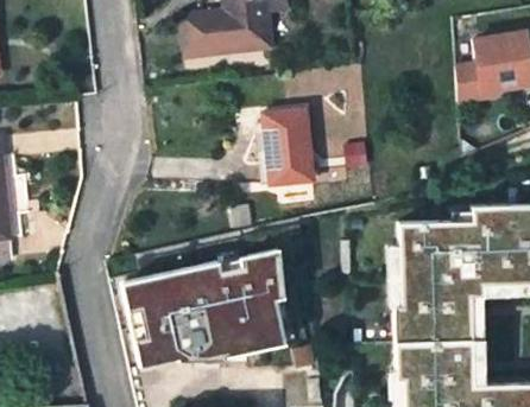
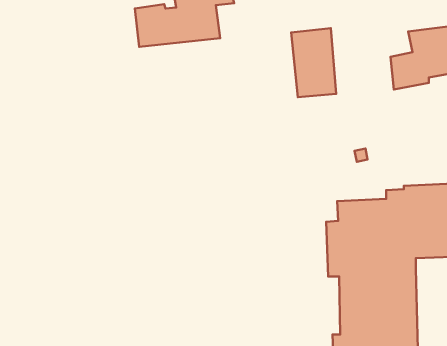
building: [261,108,310,183] -> [291,28,336,97]
building: [125,252,289,363] -> none

